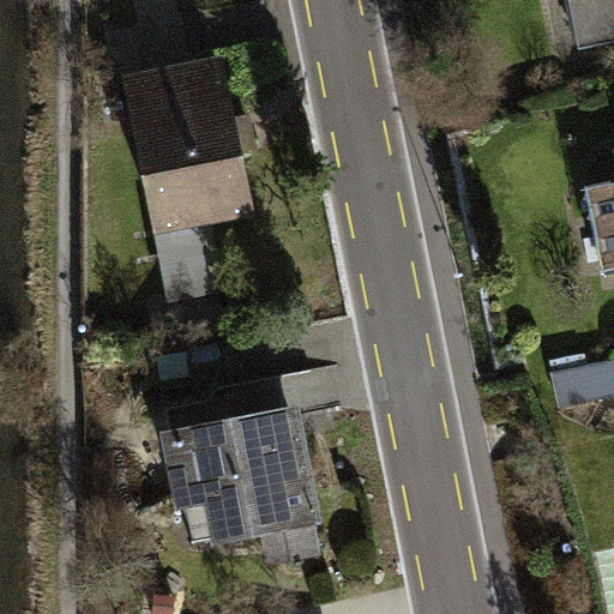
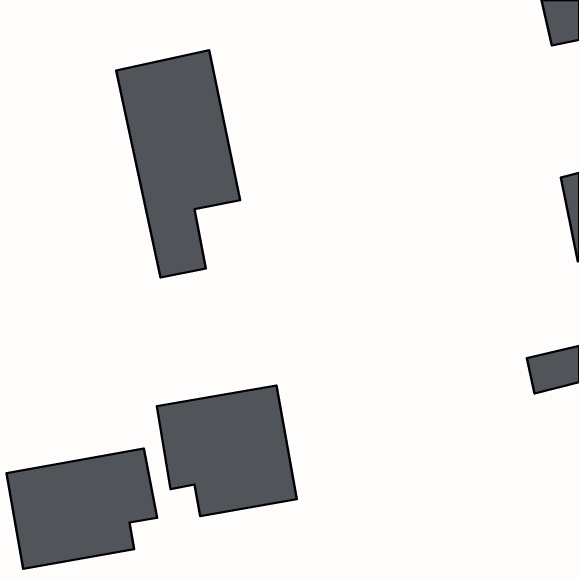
building: none -> [7,449,157,569]

